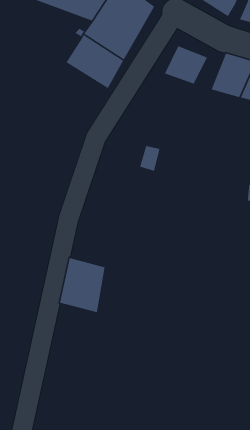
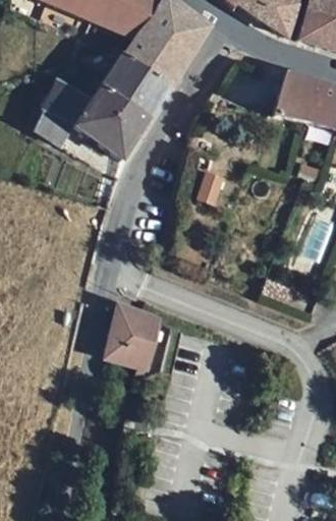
building: [164,45,208,85] -> none
building: none -> [37,81,153,158]

